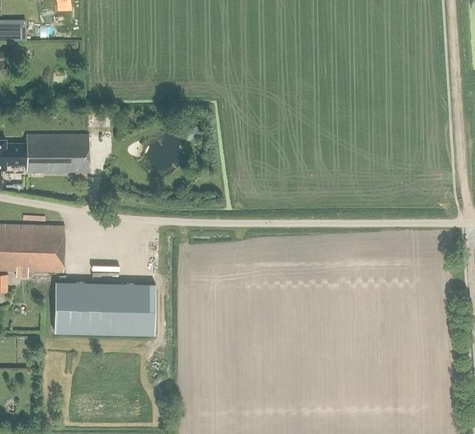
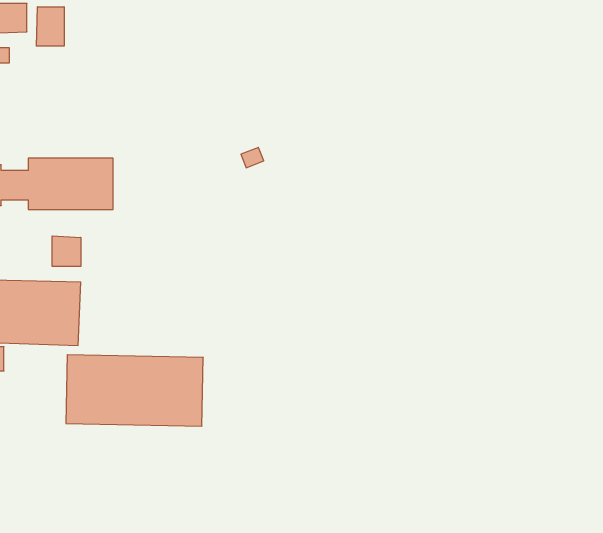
building: none -> [36,7,64,46]
building: none -> [52,236,81,266]

